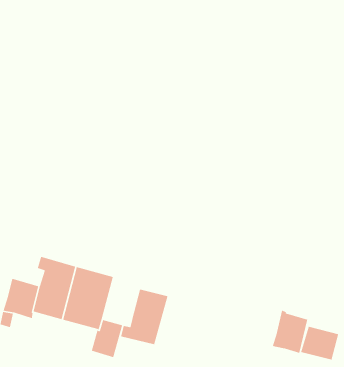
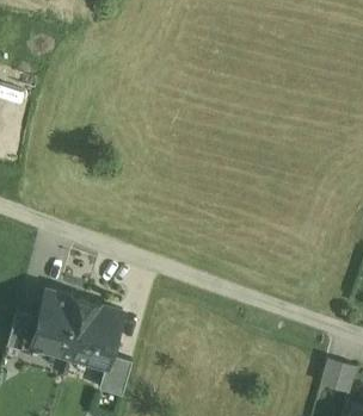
building: [120,288,168,345] -> none
building: [272,309,308,354] -> none

